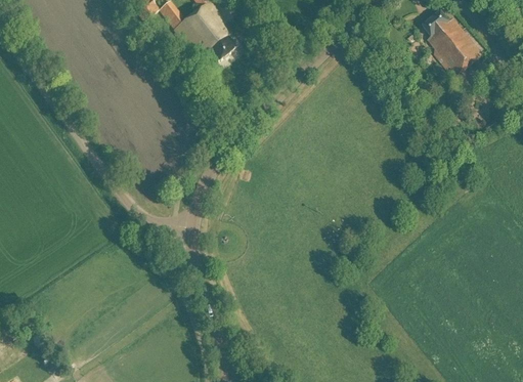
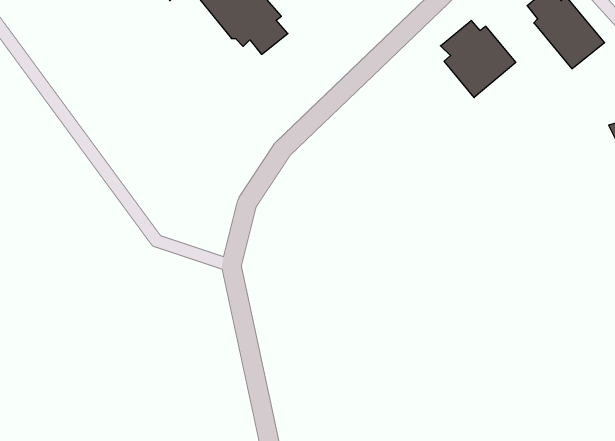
building: none -> [440,20,516,98]

